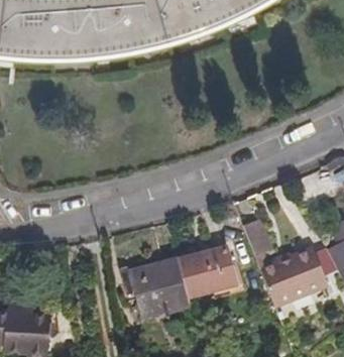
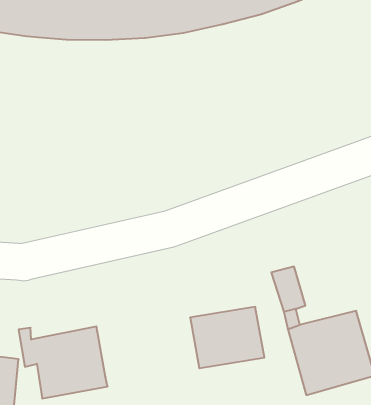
building: [122,262,194,321] -> [19,326,108,398]

